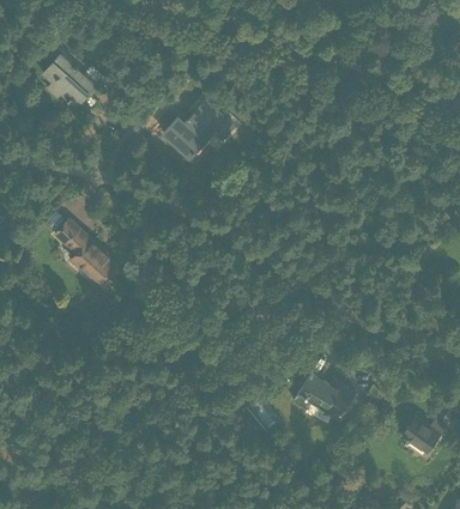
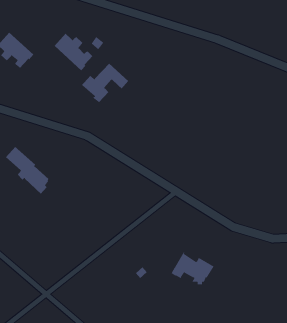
building: none -> [54,33,93,71]
building: [400,416,443,452] -> none

